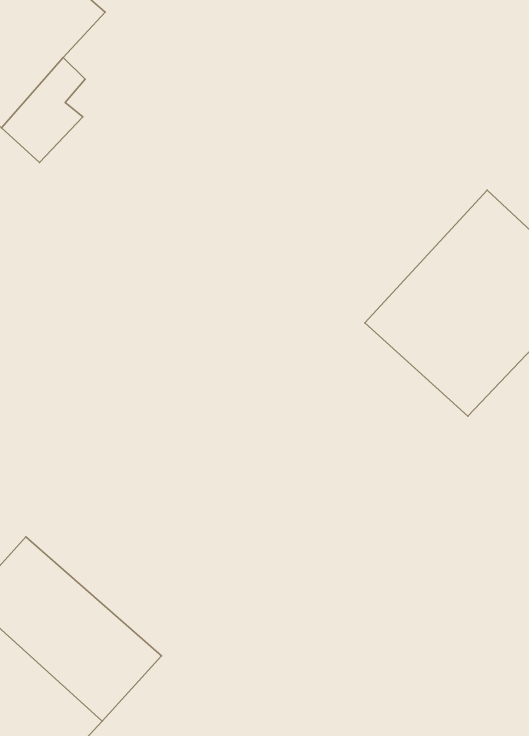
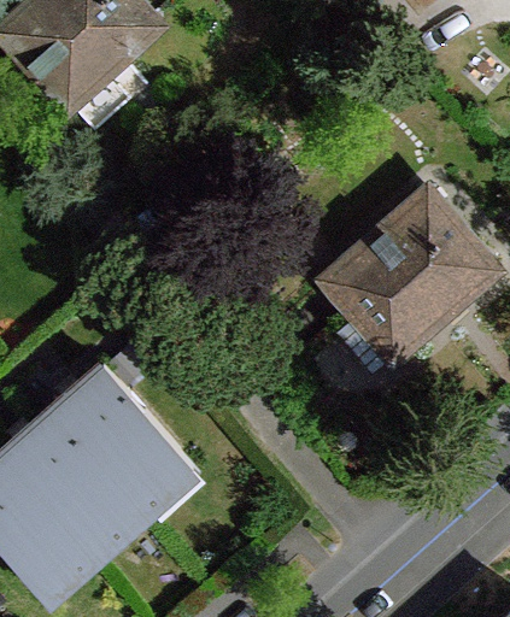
building: none -> [52,365,190,510]

